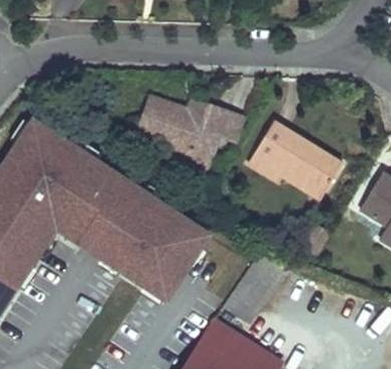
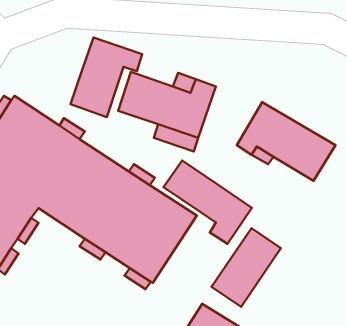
building: none -> [71,38,142,117]
building: none -> [163,161,252,244]

